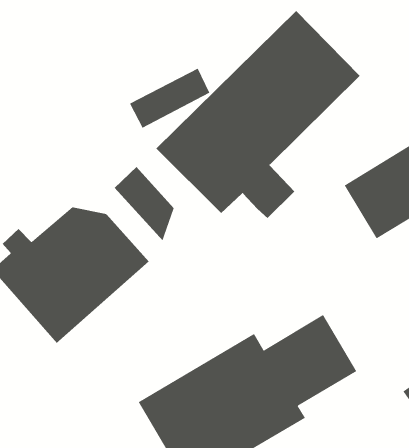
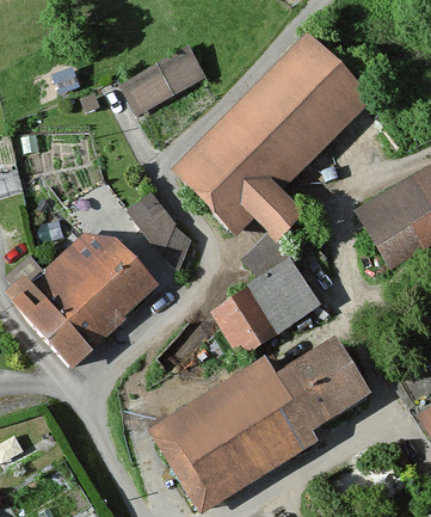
building: [129,68,210,129] -> [118,47,199,107]
building: none -> [213,233,320,358]

